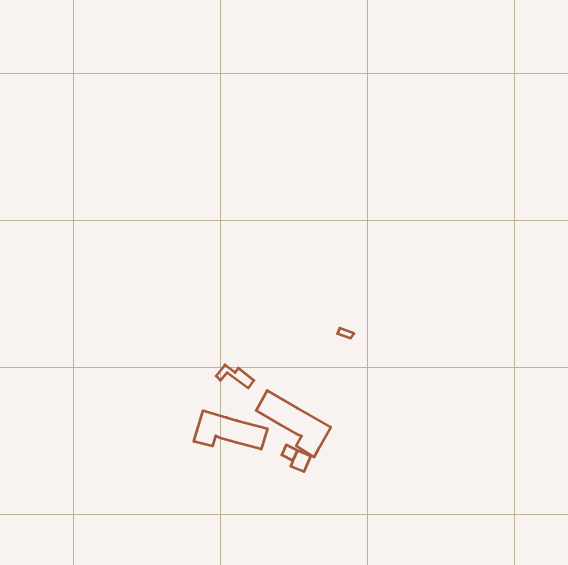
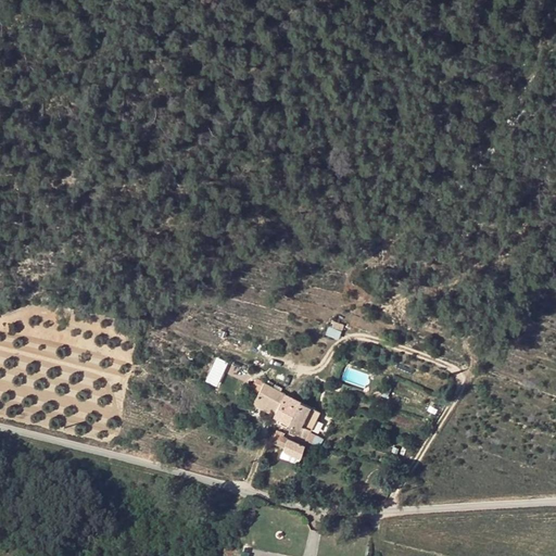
building: [194,411,267,449] -> none

